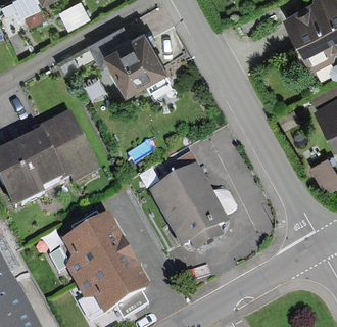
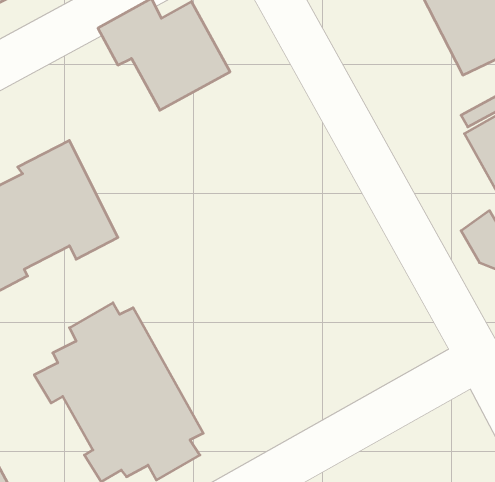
building: [148,153,231,254] -> none

